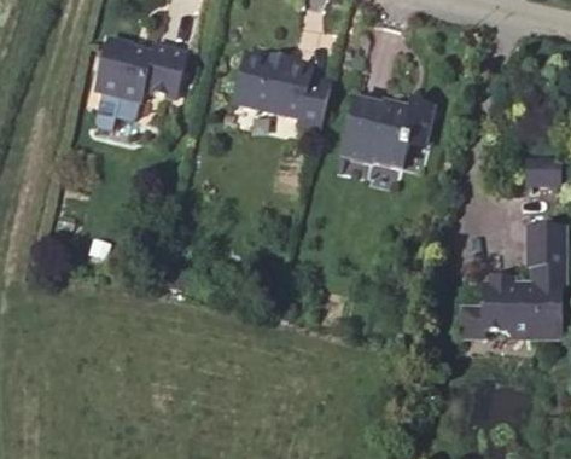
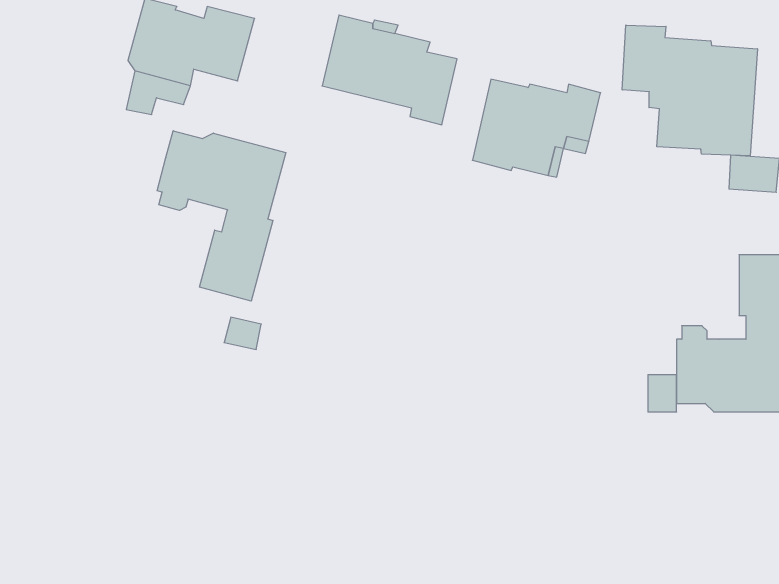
building: none -> [622,25,757,156]
building: none -> [157,131,286,301]

